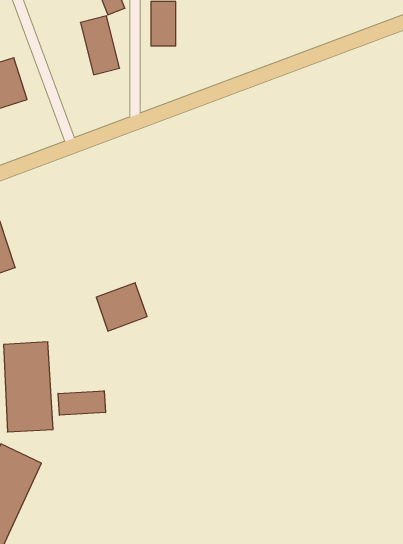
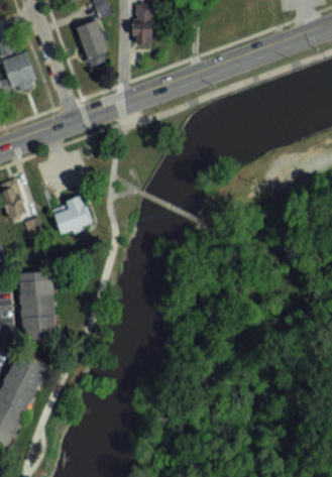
building: [96,283,147,331] -> [52,196,92,233]
building: [58,391,105,415] -> none

